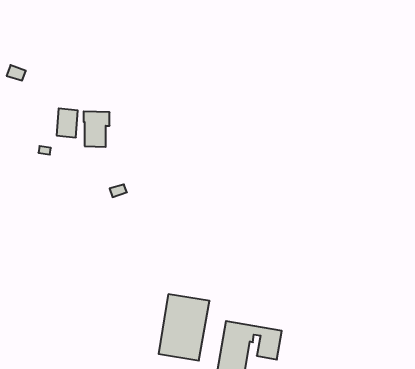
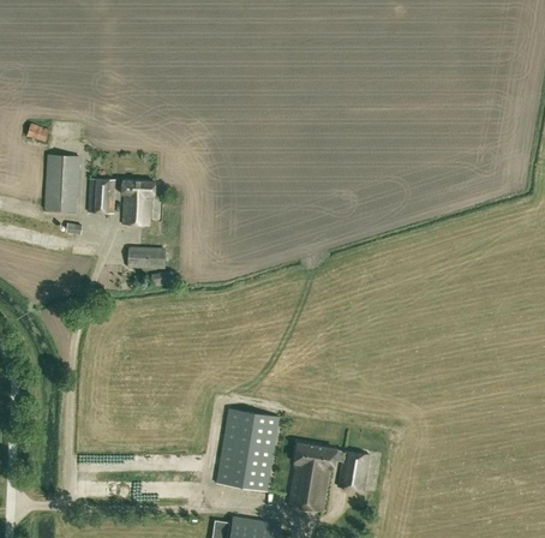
building: none -> [44,155,78,211]
building: none -> [127,246,164,267]

